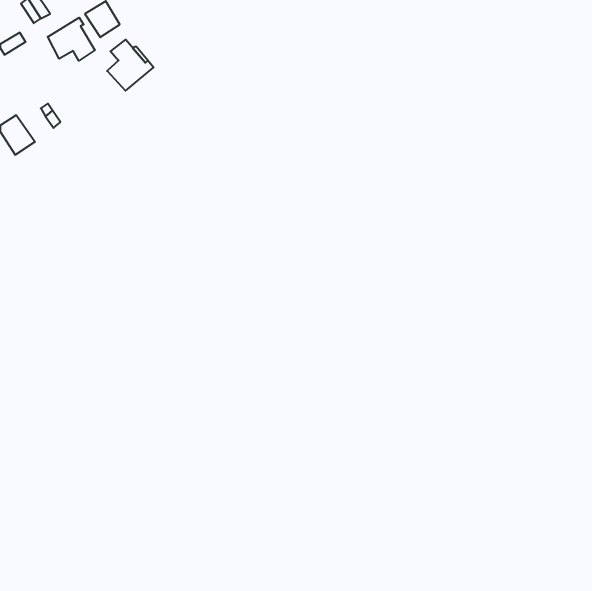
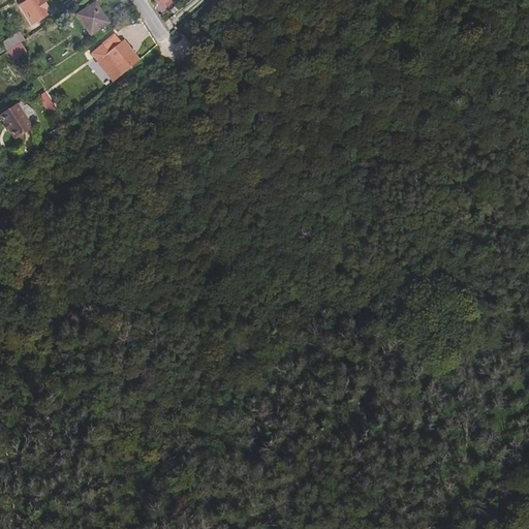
building: [48,18,95,61] -> none

